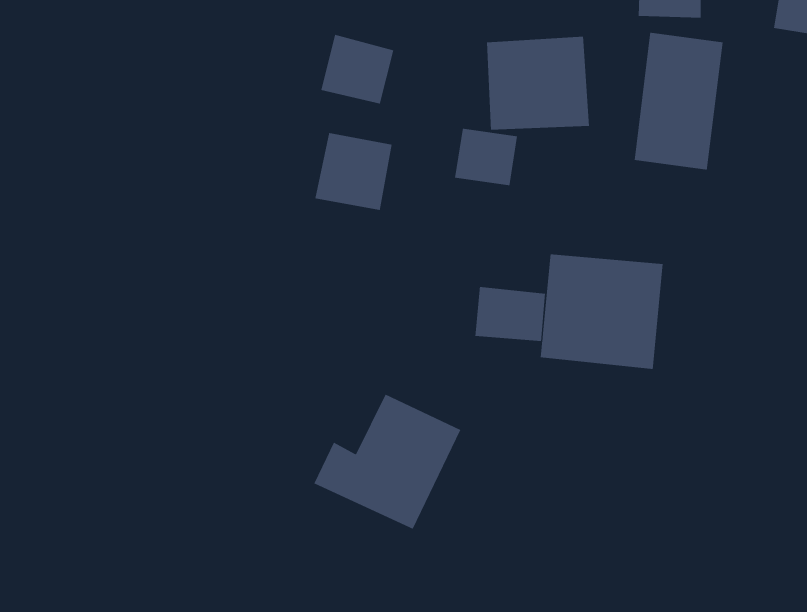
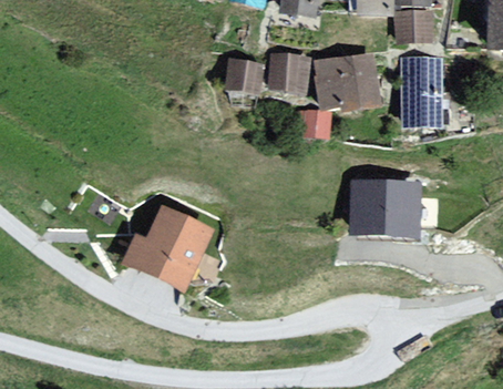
building: [315,133,392,210] -> [264,49,307,92]
building: [475,286,546,342] -> none
building: [313,394,461,530] -> [138,207,220,283]

